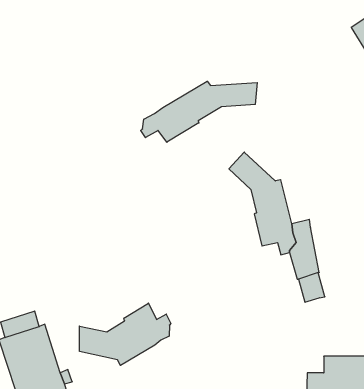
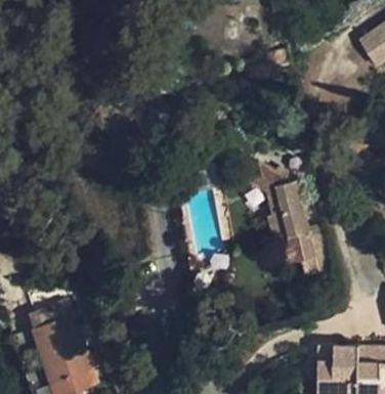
building: [141,81,257,142] -> none
building: [79,303,171,365] -> none

